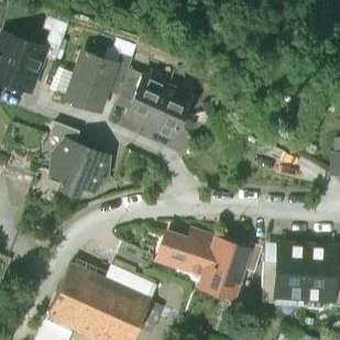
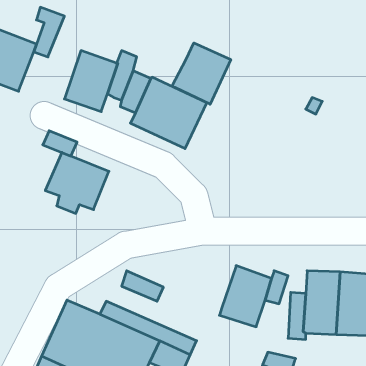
building: none -> [172,43,231,104]
building: [162,233,216,273] -> none

